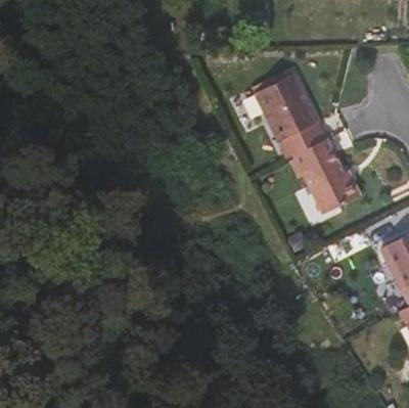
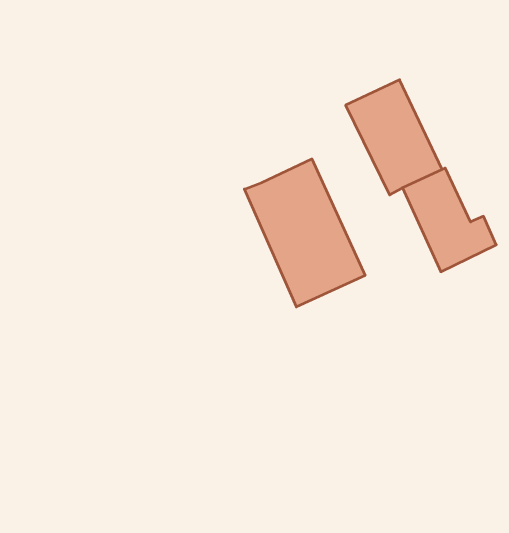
building: none -> [244,159,365,307]

